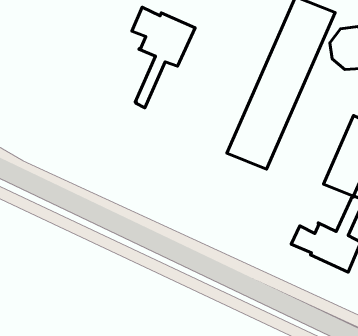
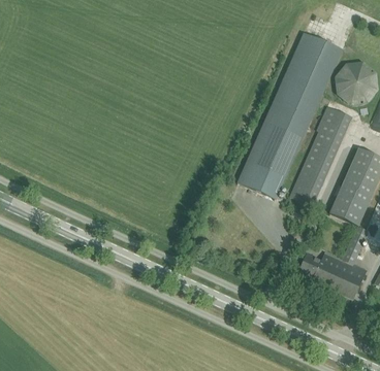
building: [132,7,195,108] -> none
building: none -> [289,106,351,206]

